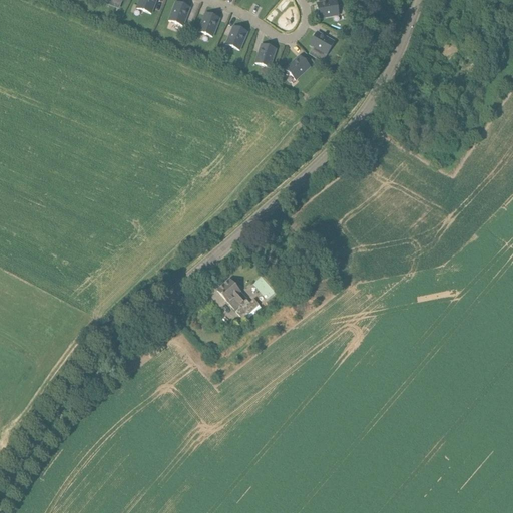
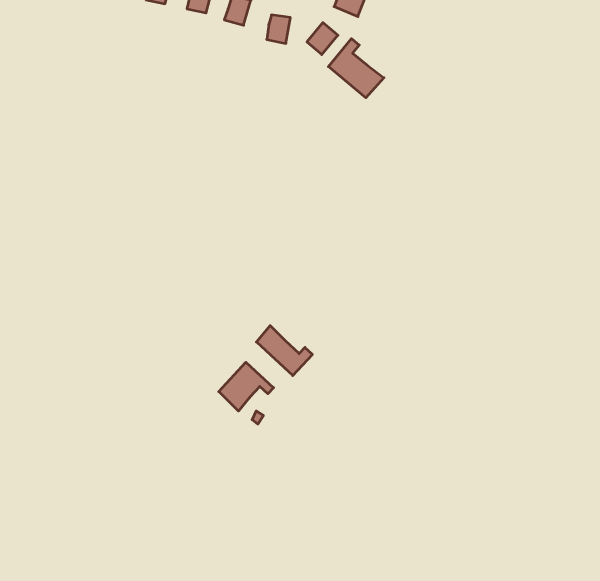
building: none -> [328,39,384,98]
building: none -> [219,362,274,411]

